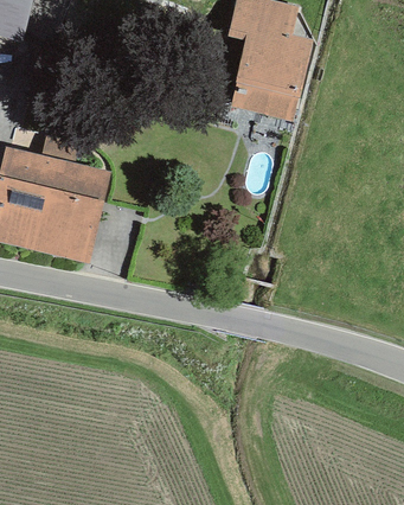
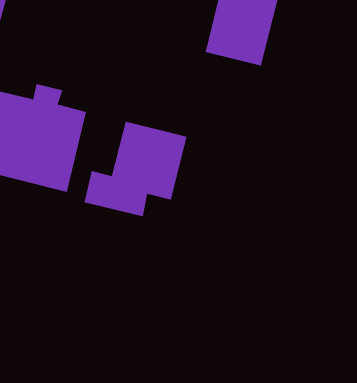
building: none -> [84,121,187,217]

